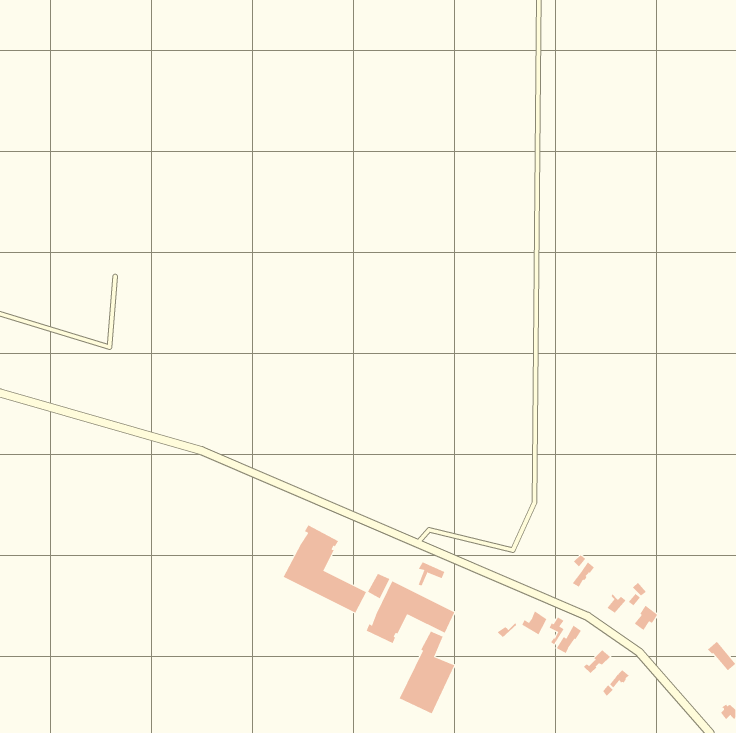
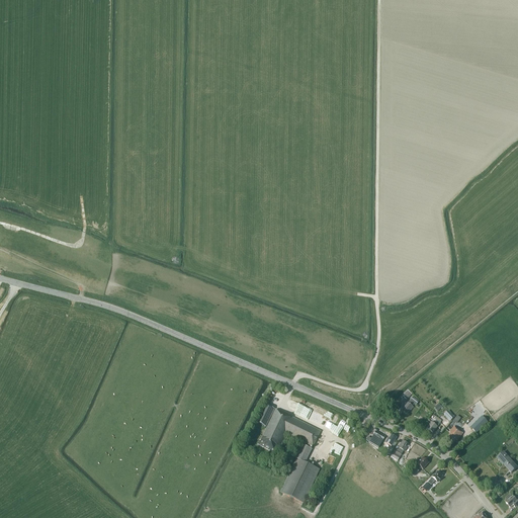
building: [283,525,367,614] -> none

